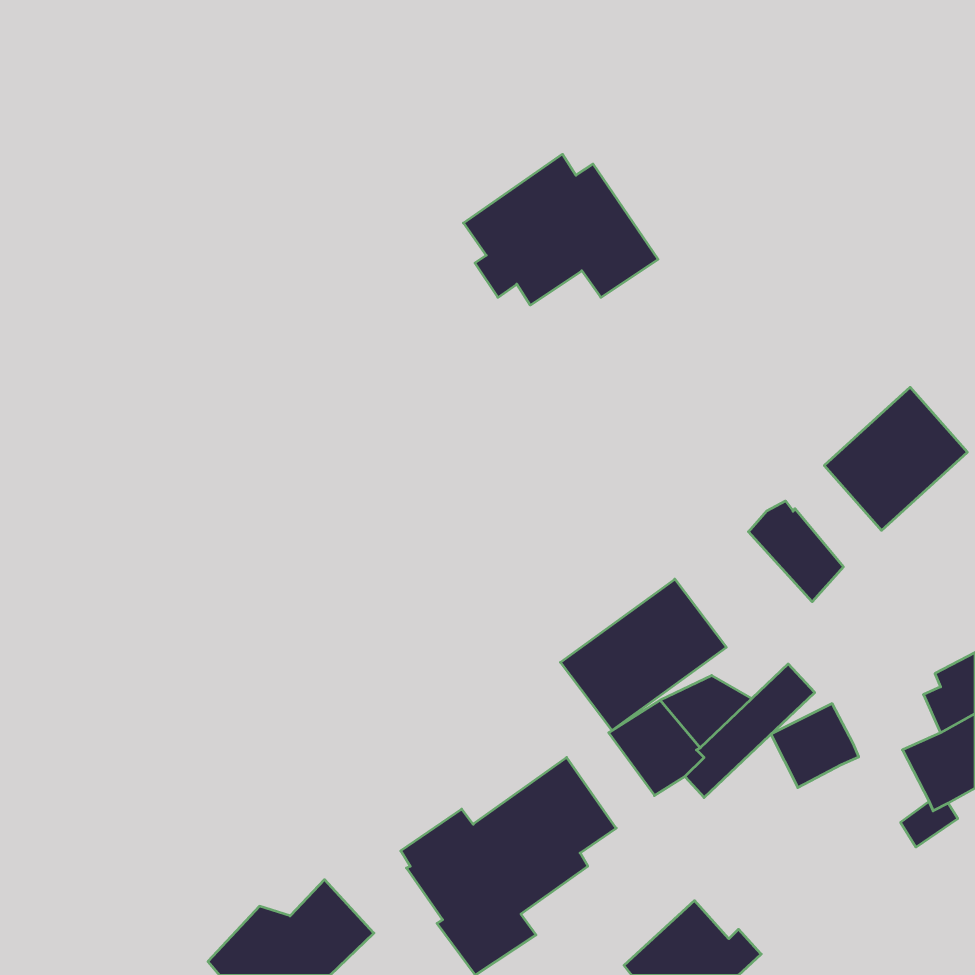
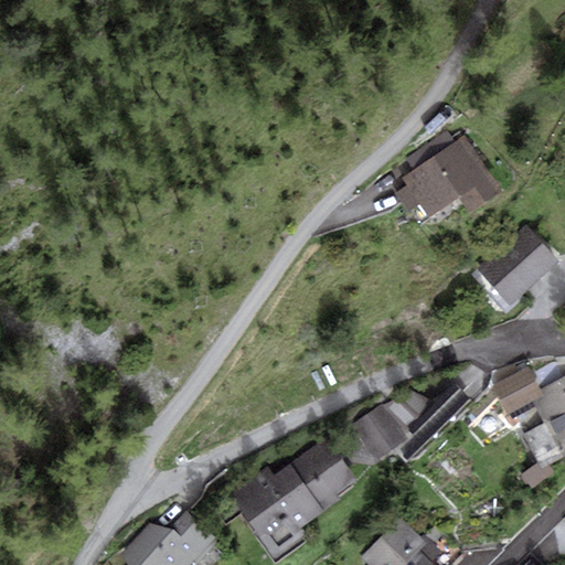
building: [463,154,658,305] -> [390,130,502,217]
building: [748,501,843,602] -> none
building: [560,579,726,730] -> none
building: [771,704,859,788] -> [493,366,544,415]

